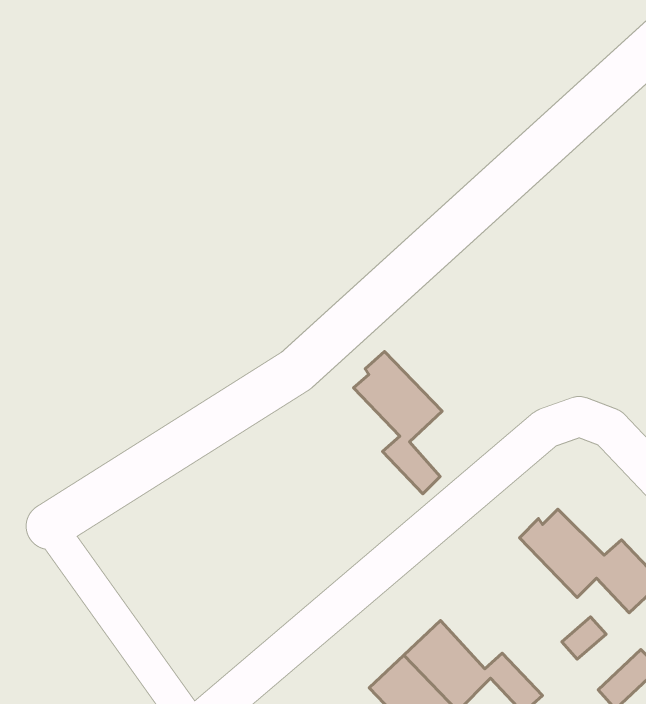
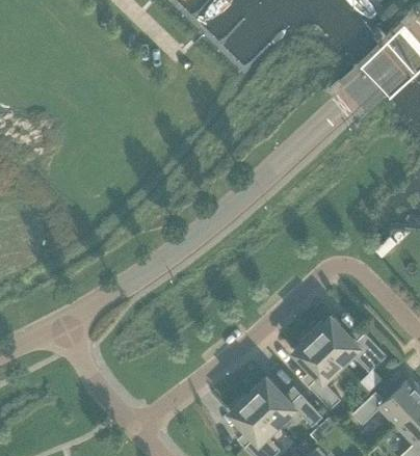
building: [354,351,442,494] -> [294,331,342,408]

